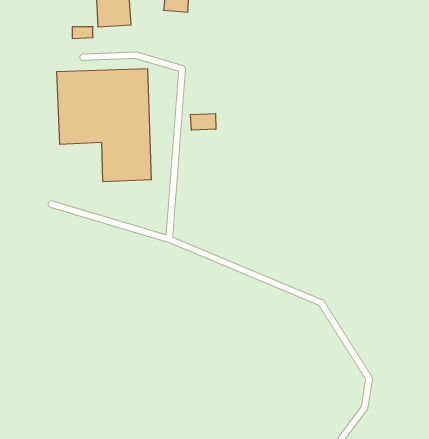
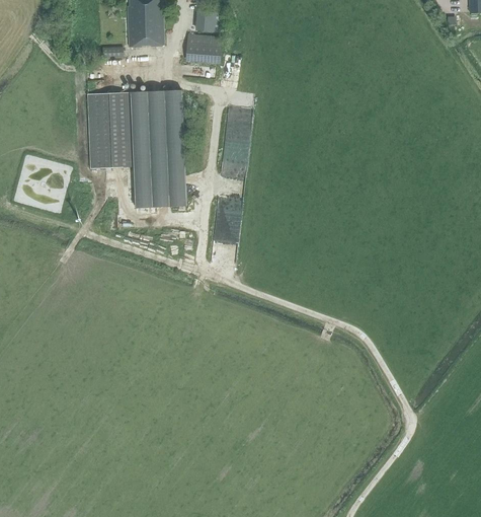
building: none -> [185,33,221,62]
building: [191,114,216,130] -> none

